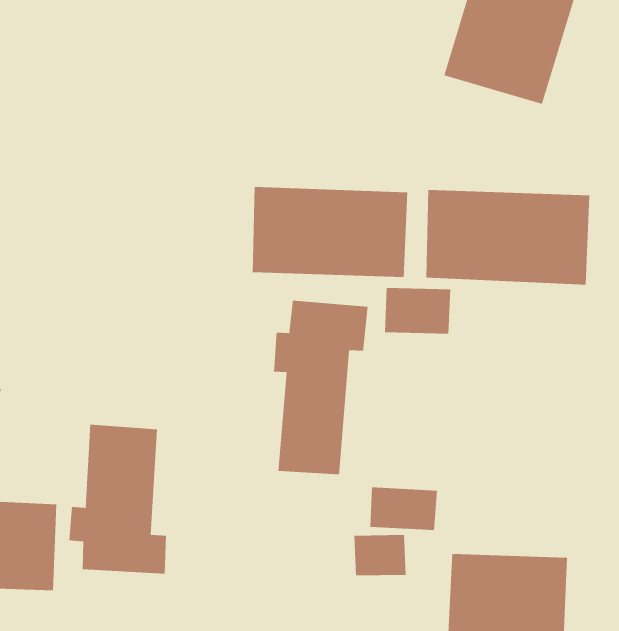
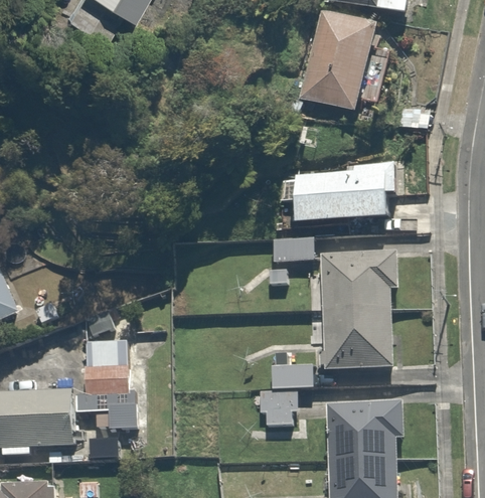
building: [252,186,408,278] -> none
building: [273,300,368,475] -> none
building: none -> [320,255,399,372]

